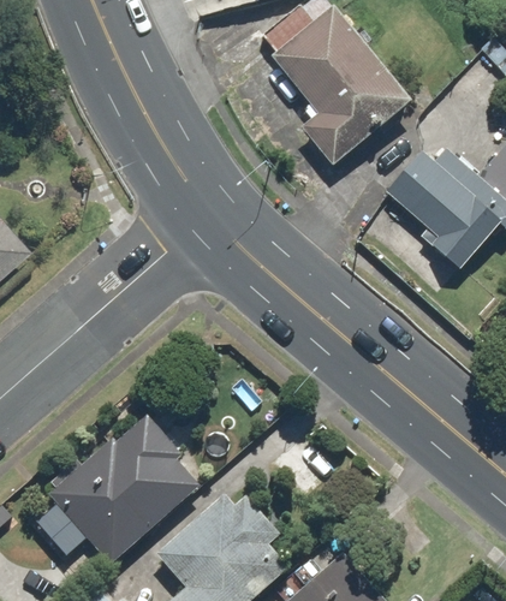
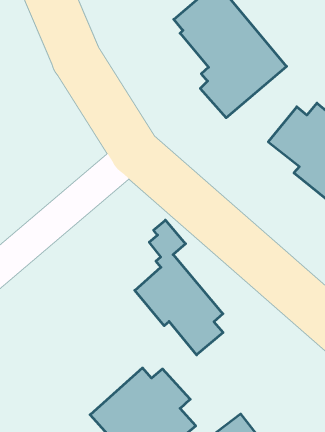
building: none -> [135,220,223,355]
building: [48,415,200,565] -> none

